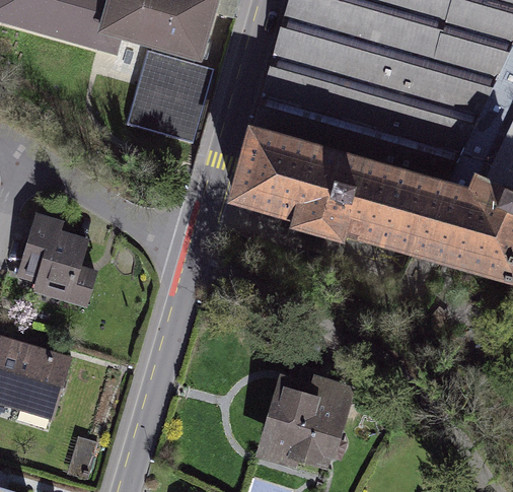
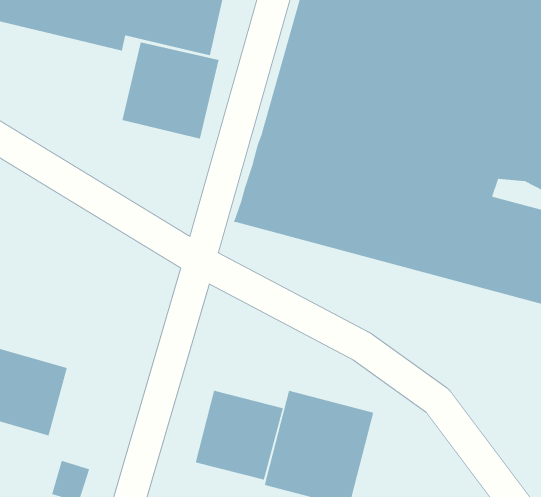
building: [23,203,103,294] -> none
building: none -> [195,390,284,480]

